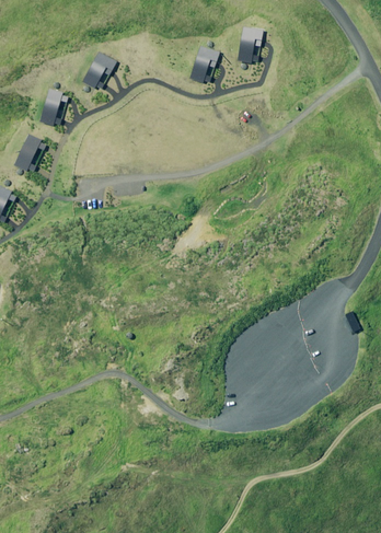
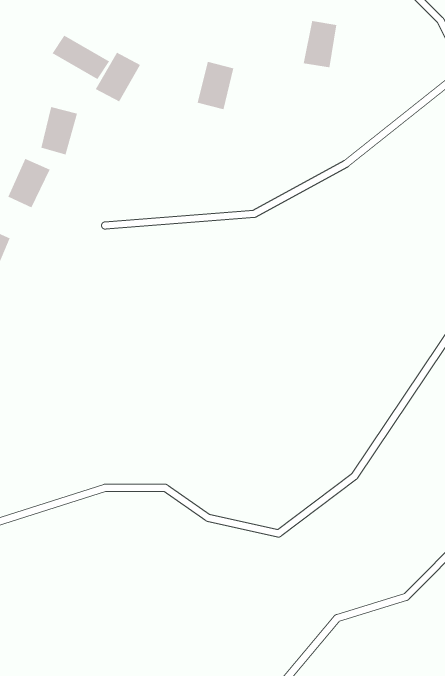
building: none -> [52,35,110,80]
building: [188,46,217,83] -> [197,61,234,110]

